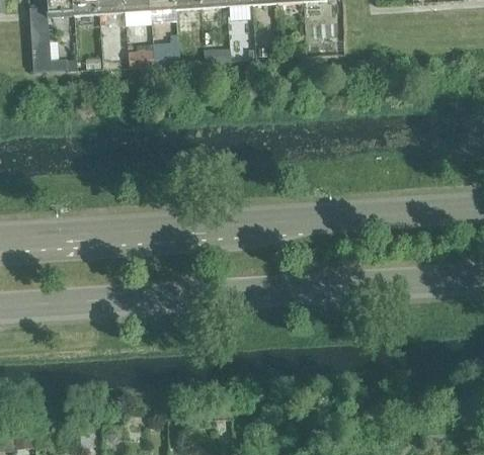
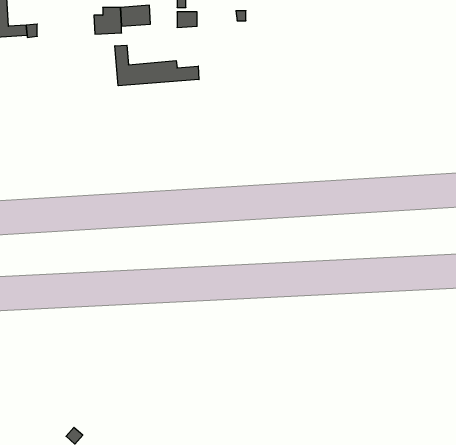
building: none -> [115,45,199,86]

